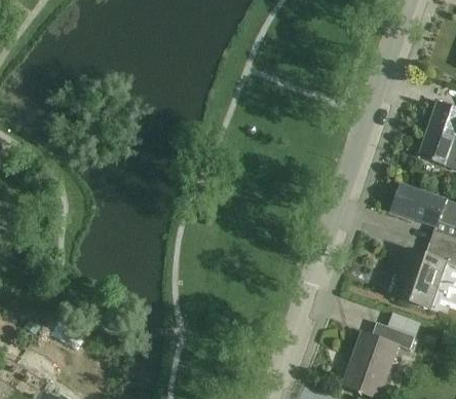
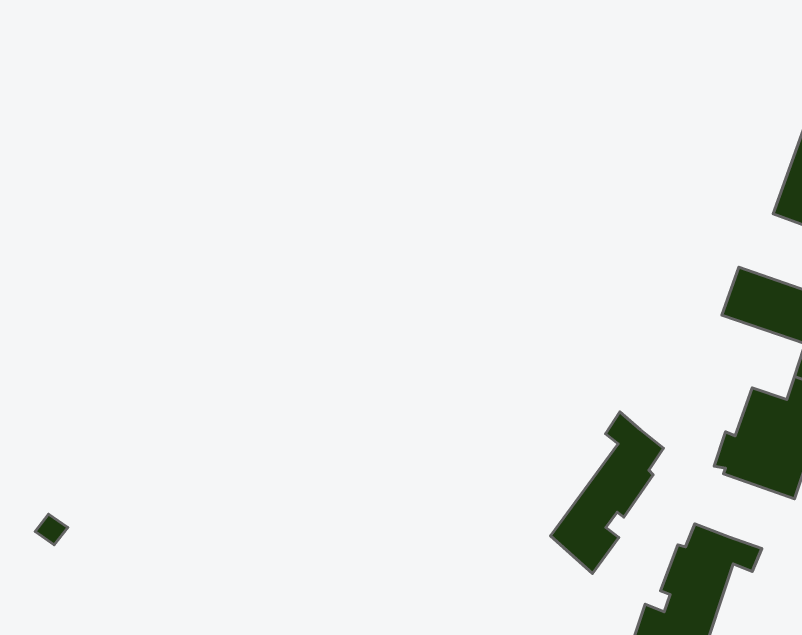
building: none -> [550,412,663,573]

